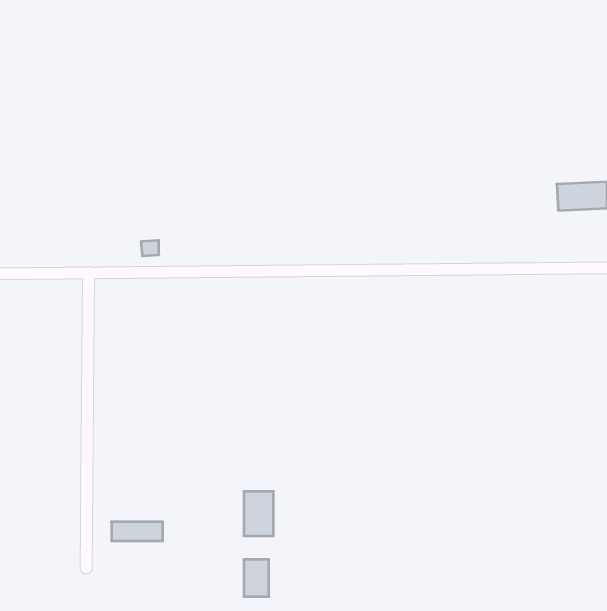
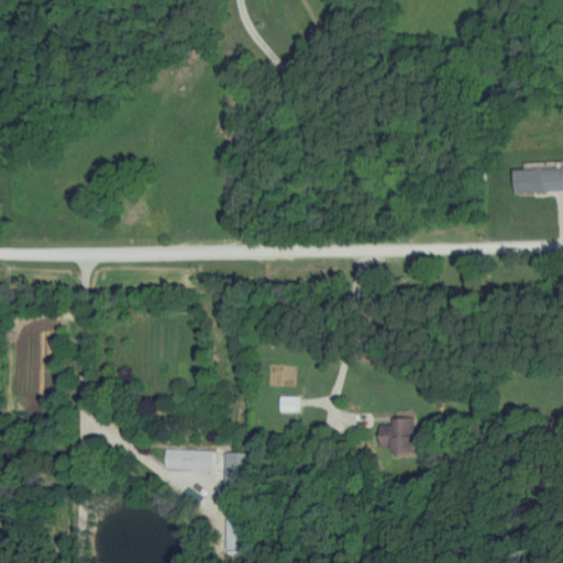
building: none -> [378,420,415,452]
building: [111,522,163,541] -> [164,450,211,467]

